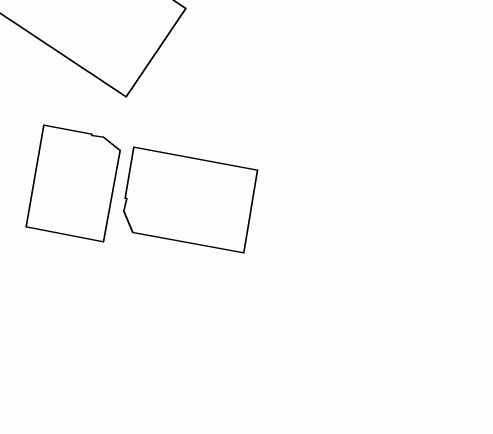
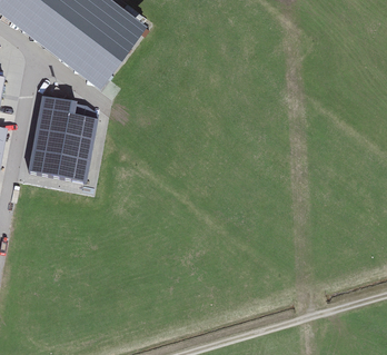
building: [124,147,257,253] -> none

